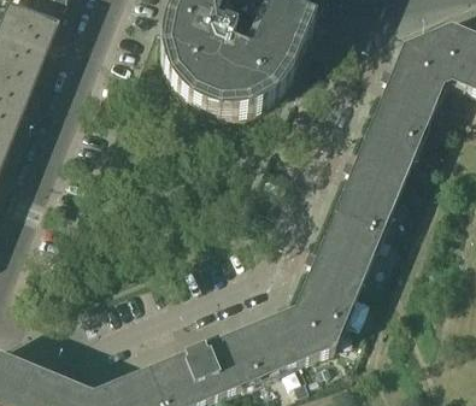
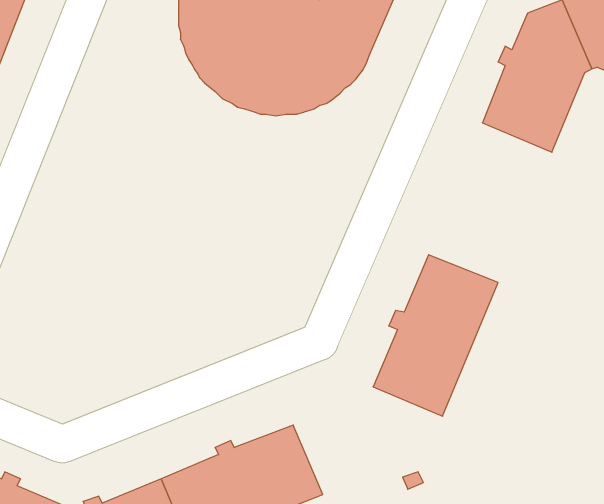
building: [336,118,422,229] -> none
building: [242,301,346,376] -> none

